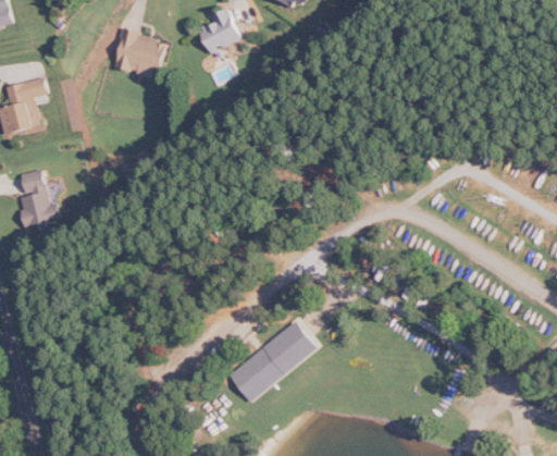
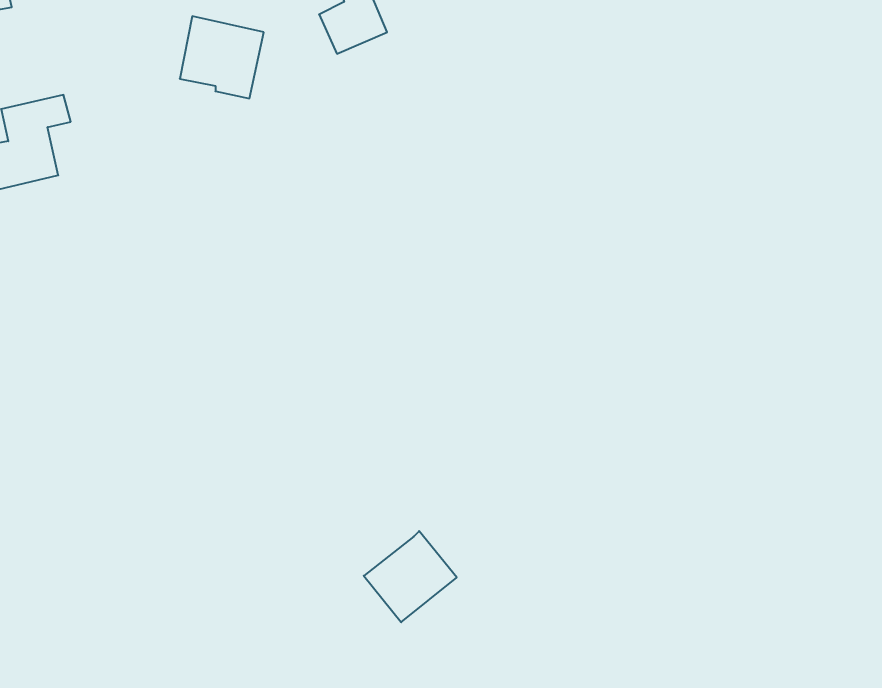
building: [17,170,60,227] -> none
building: [260,318,315,372] -> none

